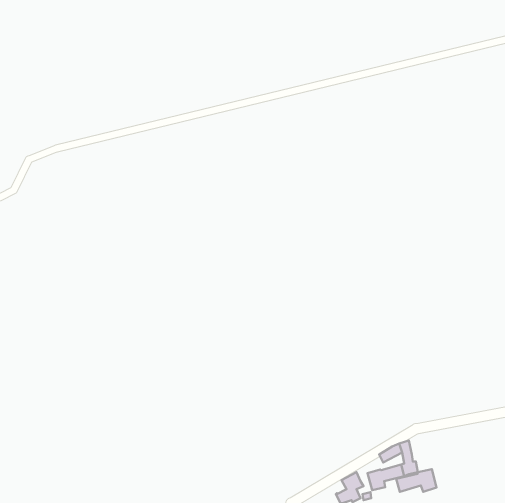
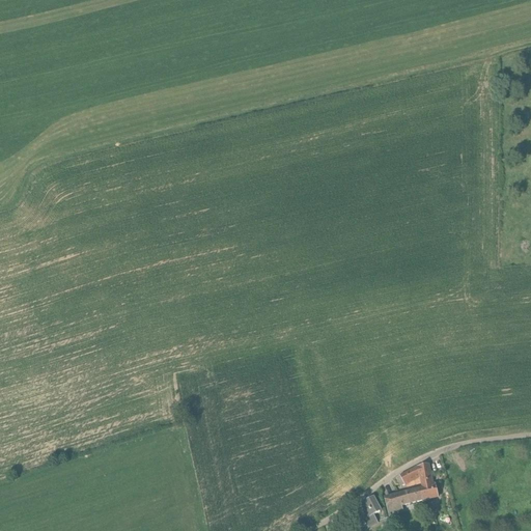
building: [396,469,436,492] -> none

